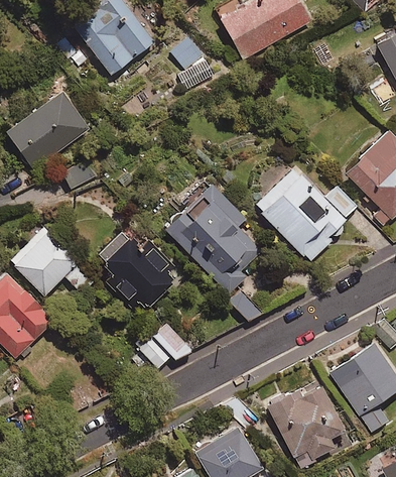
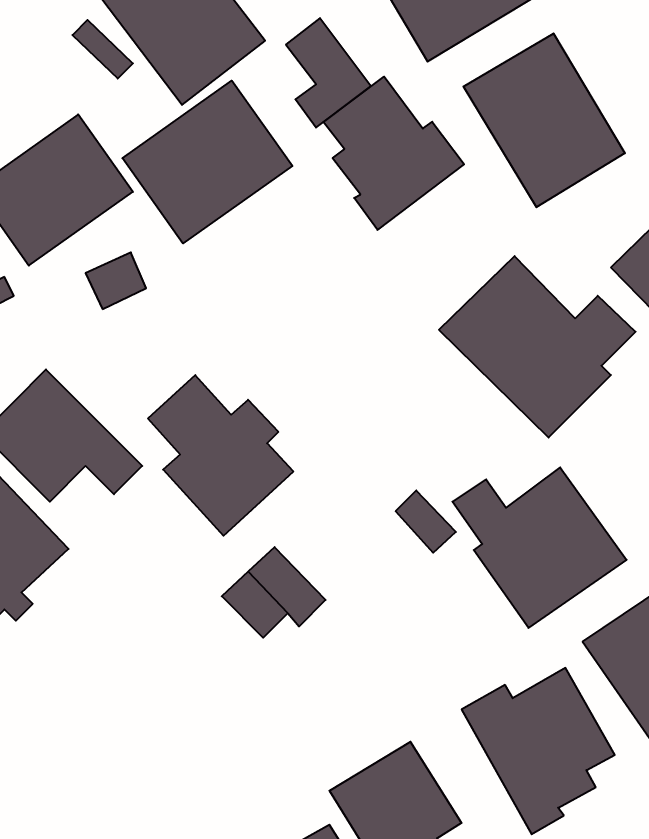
building: none -> [463,33,625,207]
building: none -> [323,77,464,230]
building: none -> [122,81,292,243]
building: [162,175,262,295] -> none
building: none -> [452,467,627,628]

